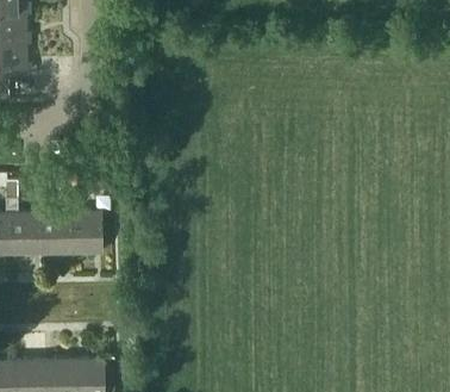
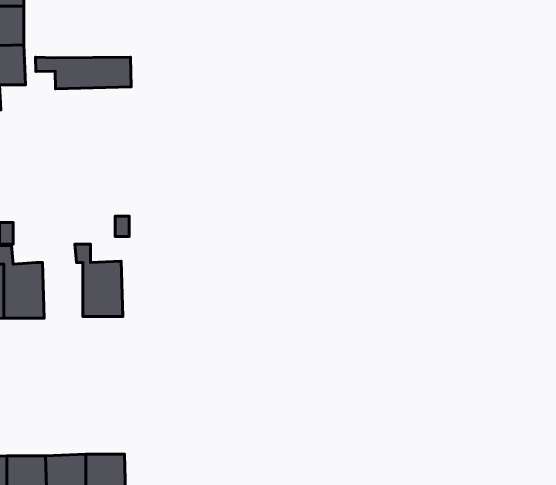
building: none -> [35,57,131,89]
building: [37,197,73,254] -> none

